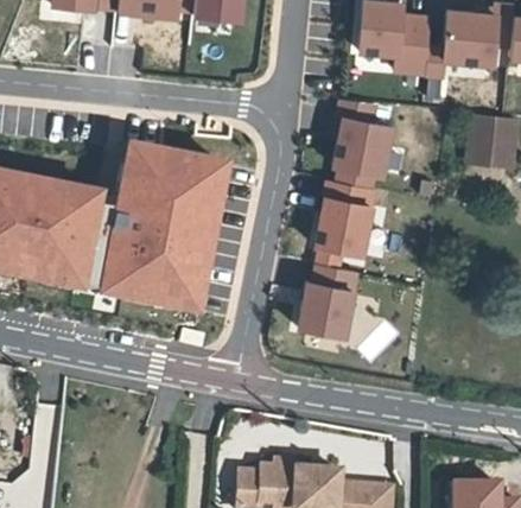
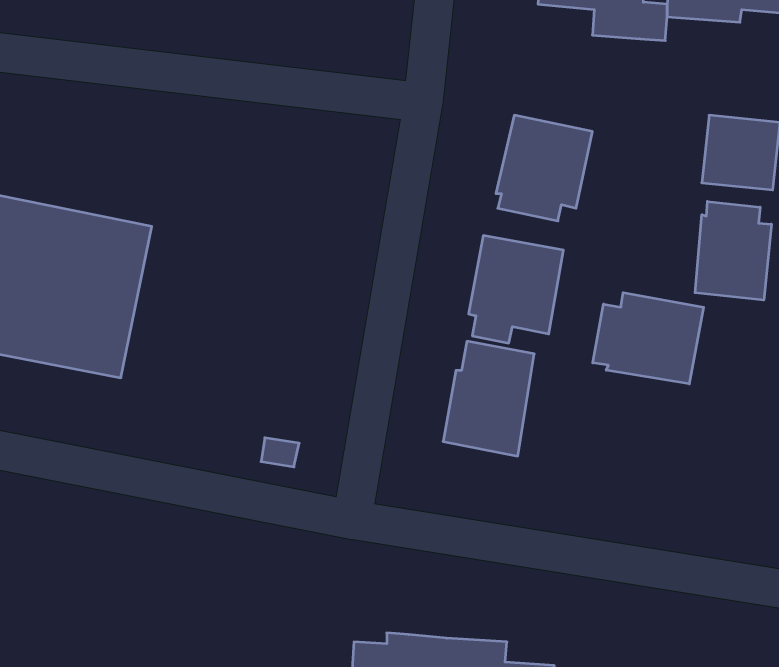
building: [99,142,230,315] -> none
building: none -> [695,201,771,300]
building: none -> [593,293,704,384]

